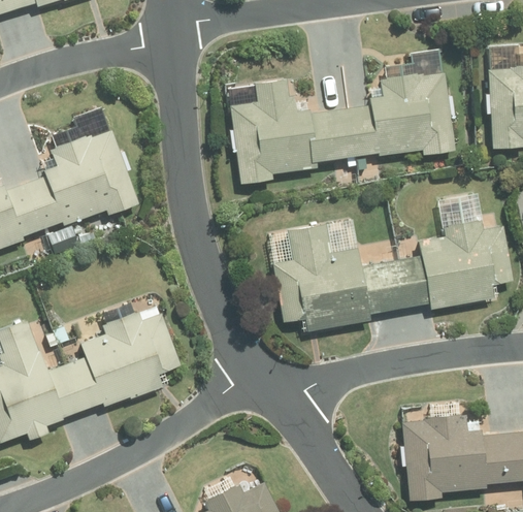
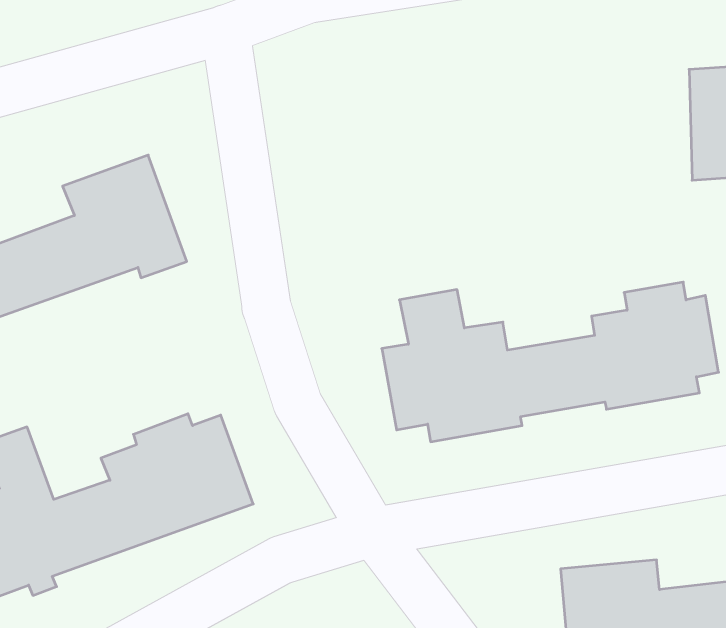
building: [231,70,454,183] -> none

